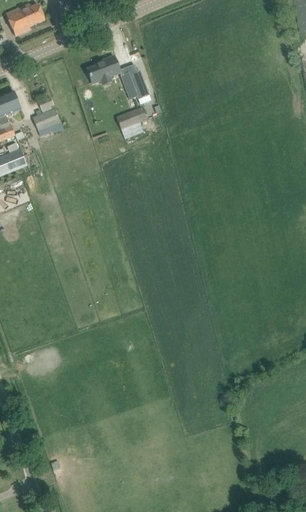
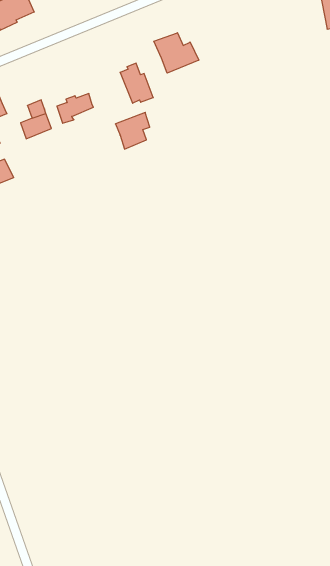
building: none -> [154,33,199,73]
building: [87,57,119,83] -> [57,94,93,123]

